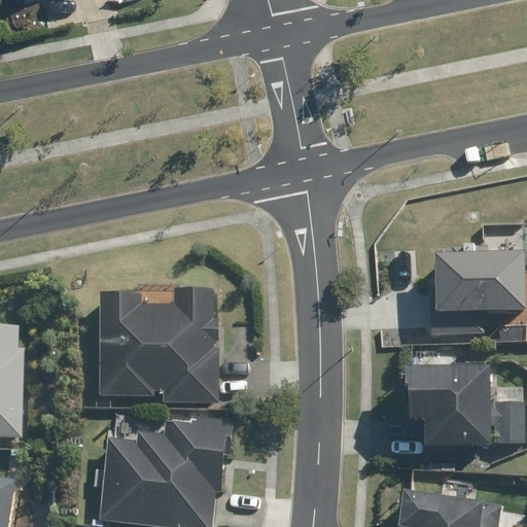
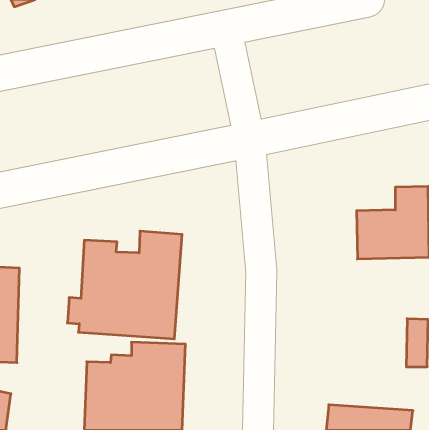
building: [402,355,489,451] -> none

